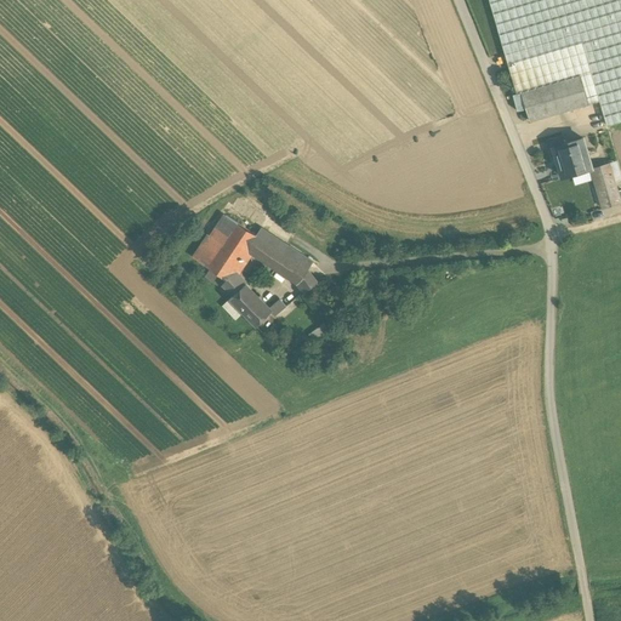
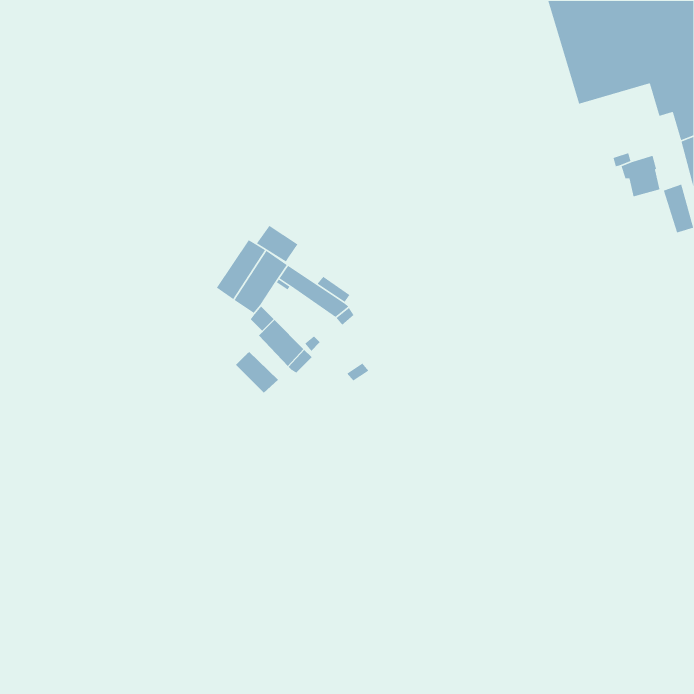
building: [522,75,588,121] -> none
building: none -> [256,225,298,262]
building: none -> [235,351,279,394]

